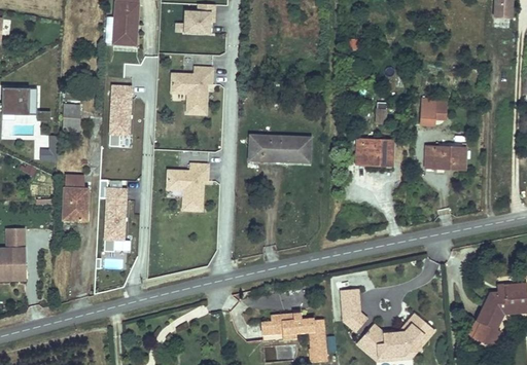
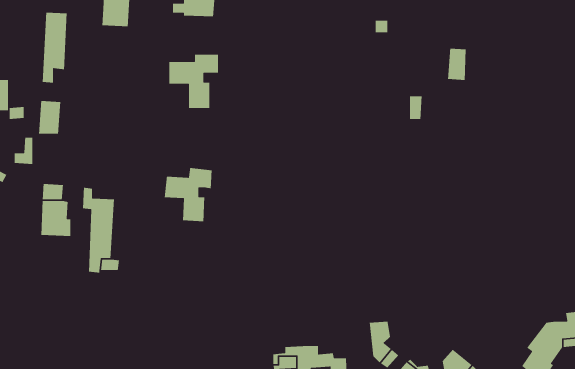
building: [110,89,132,150] -> [42,12,67,84]
building: [420,100,436,127] -> [447,48,467,81]
building: [248,134,313,165] -> none
building: [355,136,391,161] -> none
building: [425,149,465,172] -> none

